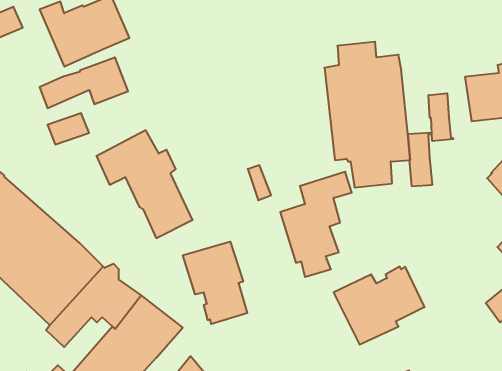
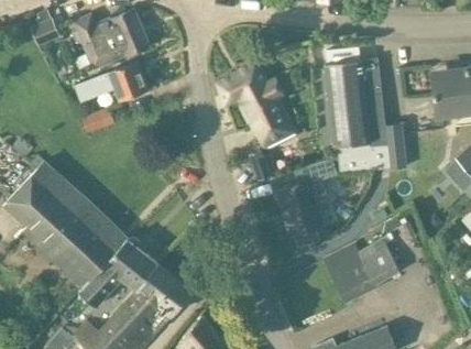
building: [429,93,453,141] -> none
building: [96,130,193,238] -> [215,59,296,151]
building: [183,242,247,324] -> none

